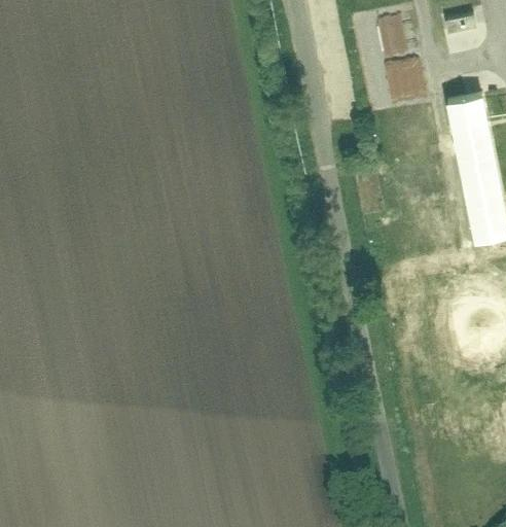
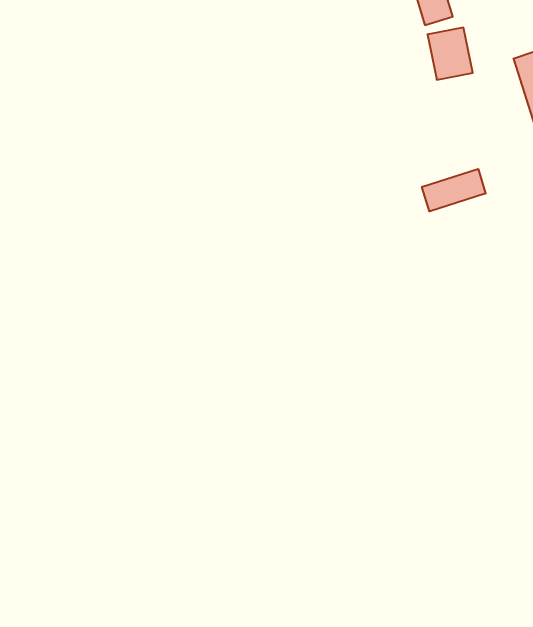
building: none -> [422,169,486,211]

